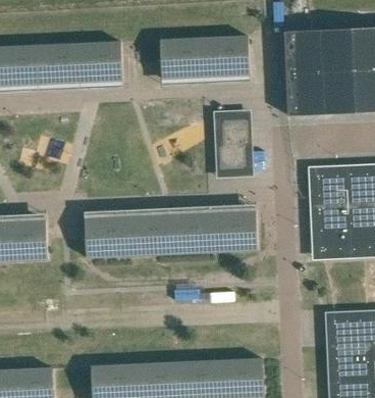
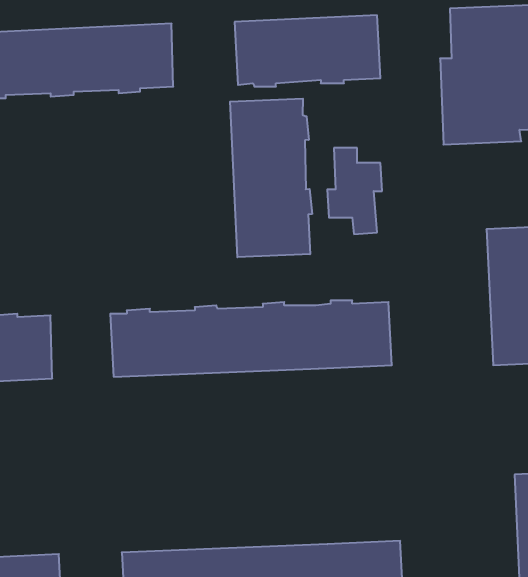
building: none -> [230,99,312,257]

